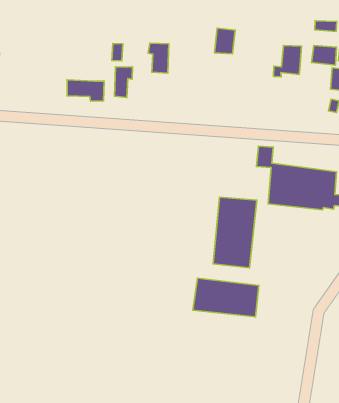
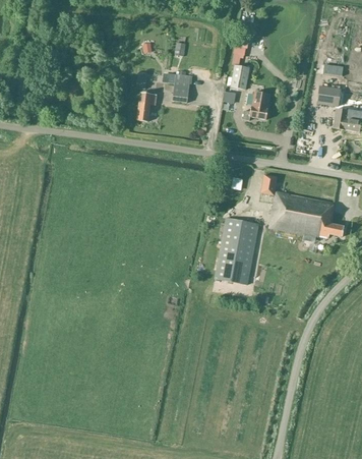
building: [273,45,301,77] -> [243,92,270,120]
building: [67,80,104,101] -> none
building: [193,278,259,317] -> none

